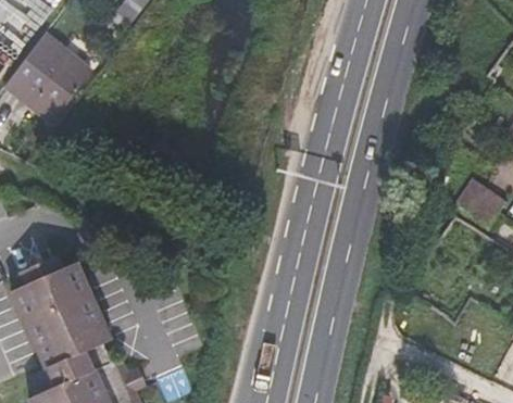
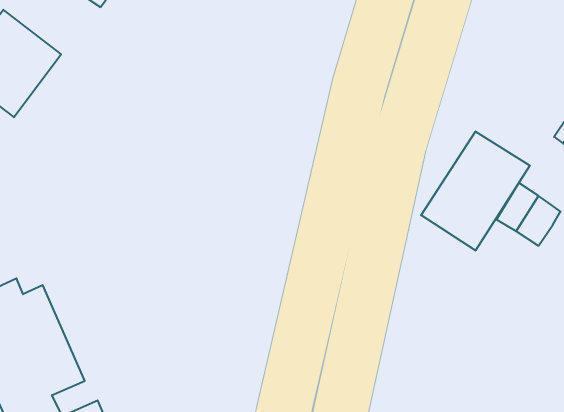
building: none -> [421,131,530,251]

